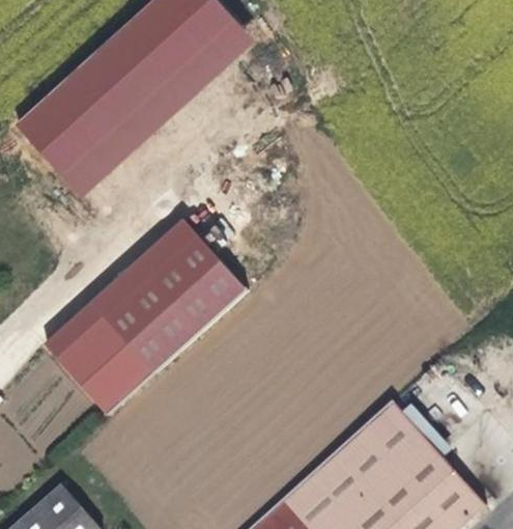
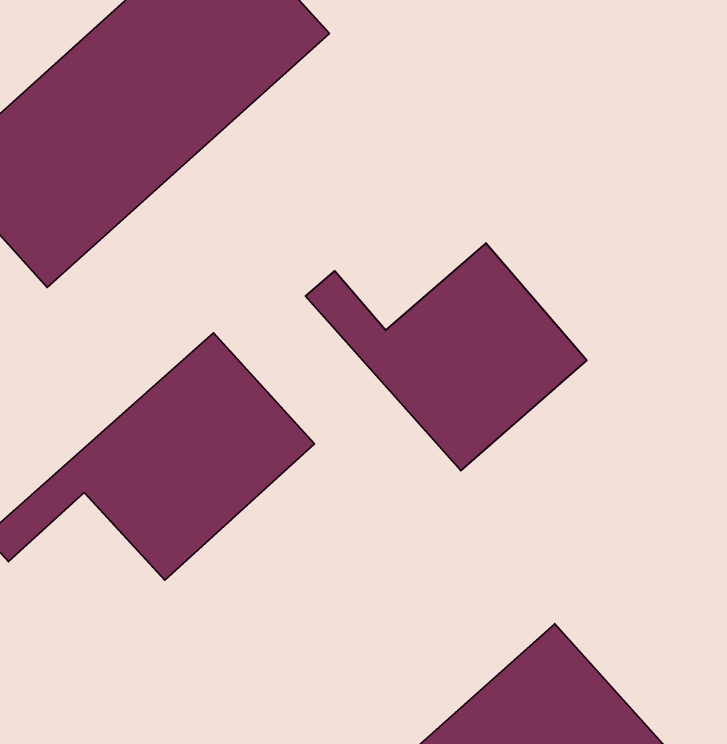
building: none -> [306,243,587,471]
building: [56,323,152,419] -> none

